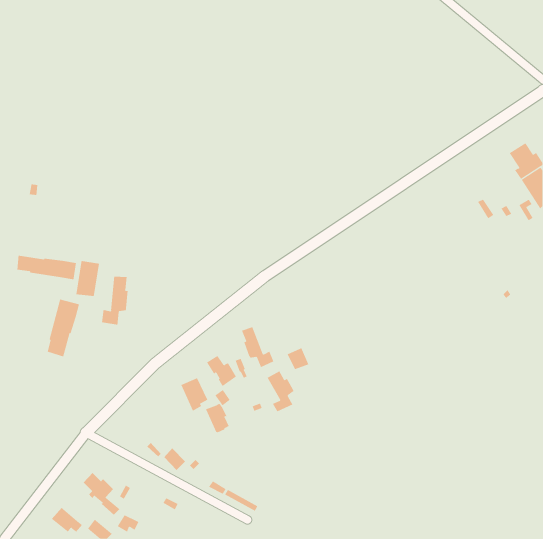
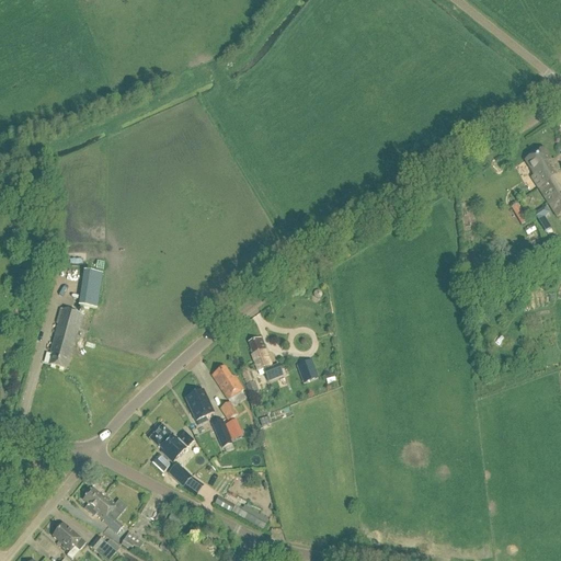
building: [17,255,77,280] -> none
building: [102,276,128,325] -> none
building: [267,371,294,412] -> none
building: none -> [150,424,187,460]

